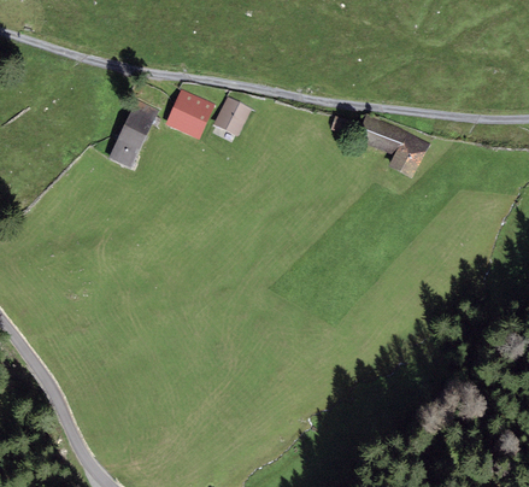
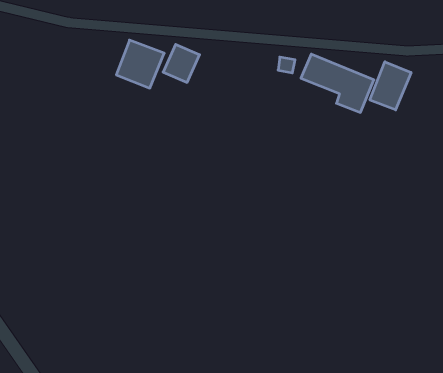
building: [108,100,158,169] -> none
building: none -> [370,62,411,110]

